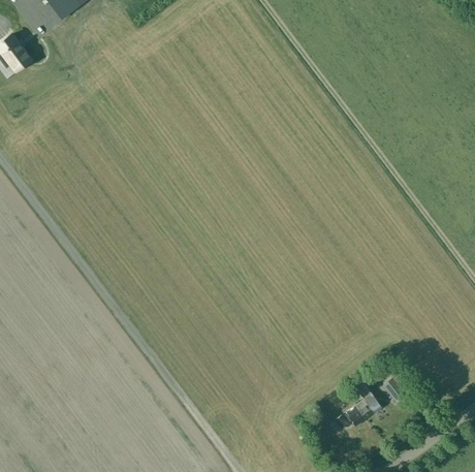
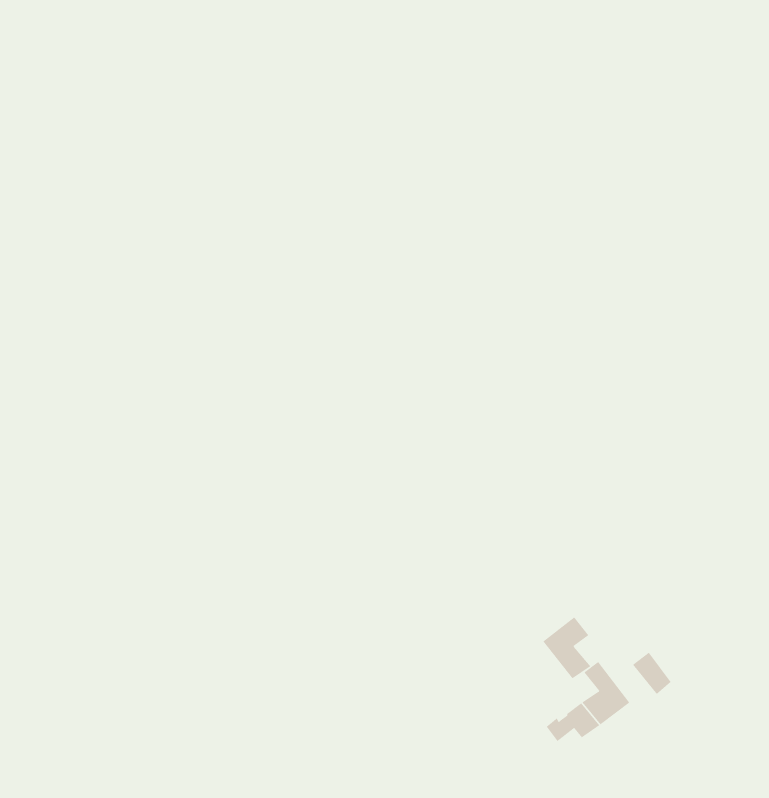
building: none -> [543,617,591,679]

